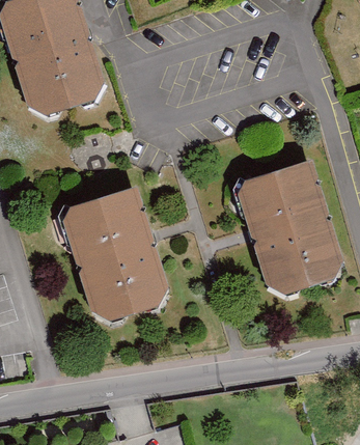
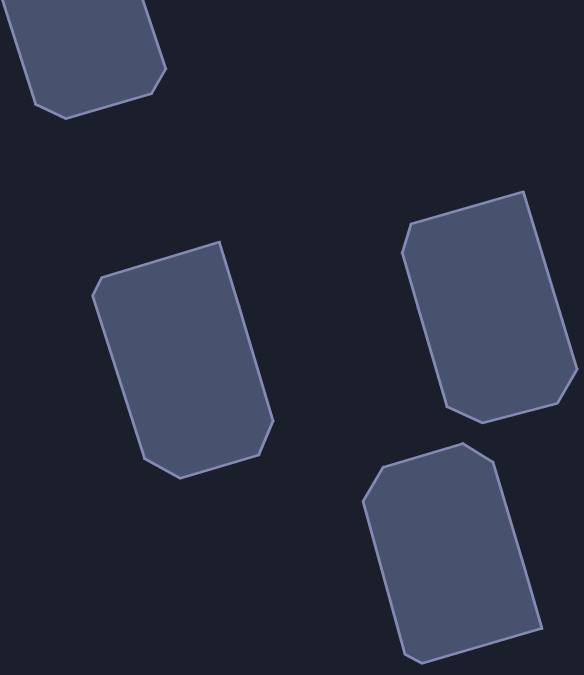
building: none -> [363,443,542,663]

